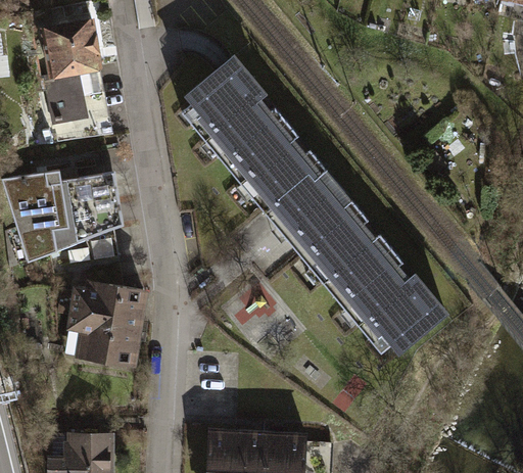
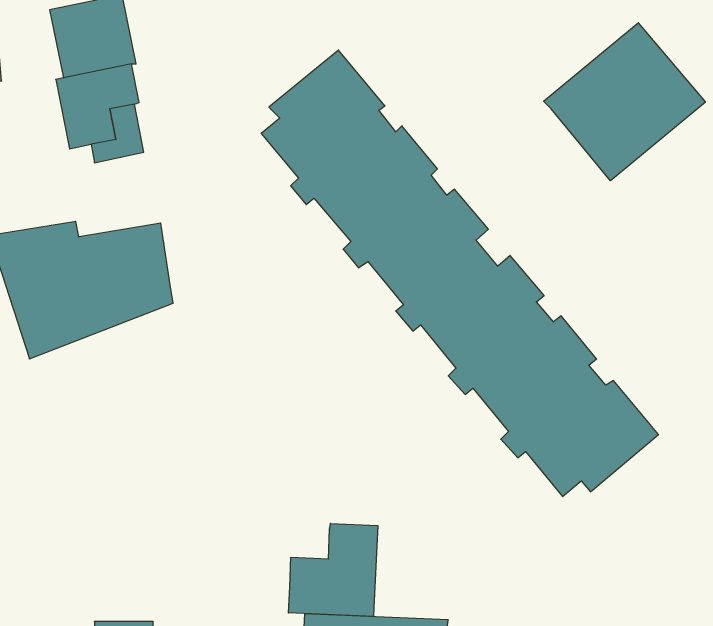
building: none -> [544,23,705,181]
building: [78,281,142,364] -> none
building: none -> [288,523,378,617]

